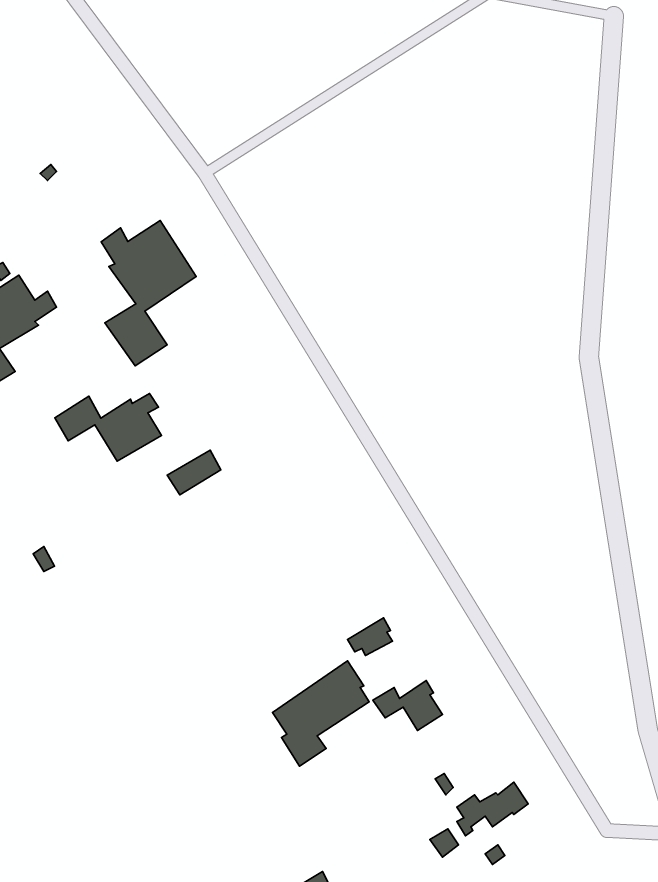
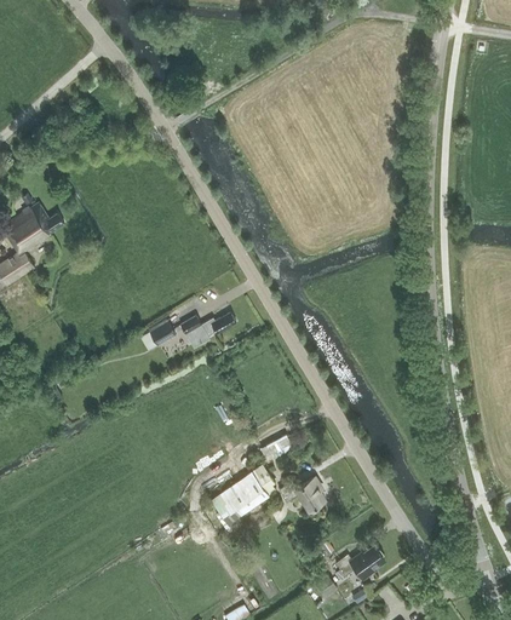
building: [101,221,196,366] -> none
building: [55,394,161,461] -> none
building: none -> [179,311,235,345]

